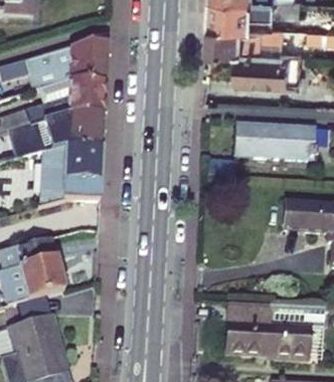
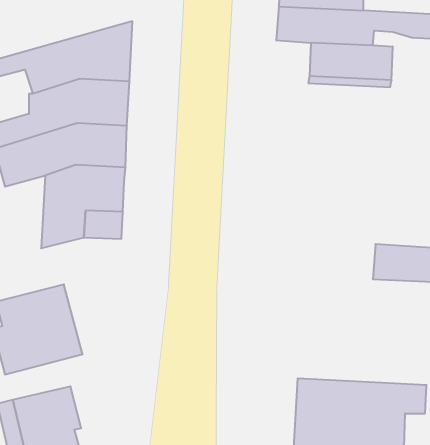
building: [232,125,313,160] -> none

